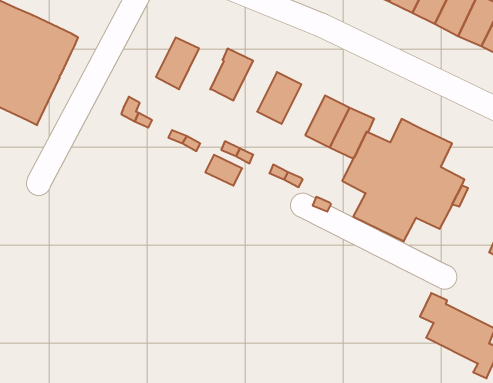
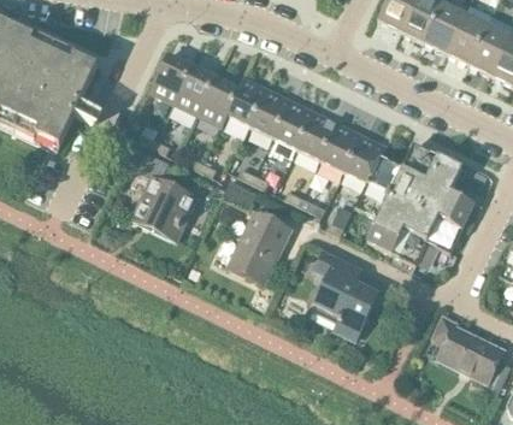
building: none -> [149,53,193,104]
building: none -> [196,76,240,128]
building: none -> [249,88,291,137]
building: none -> [296,111,338,160]
building: none -> [124,144,197,238]
building: none -> [228,211,291,284]
building: none -> [313,250,378,340]

